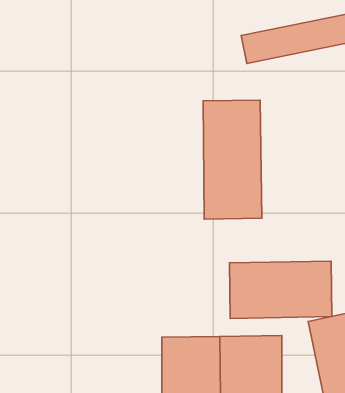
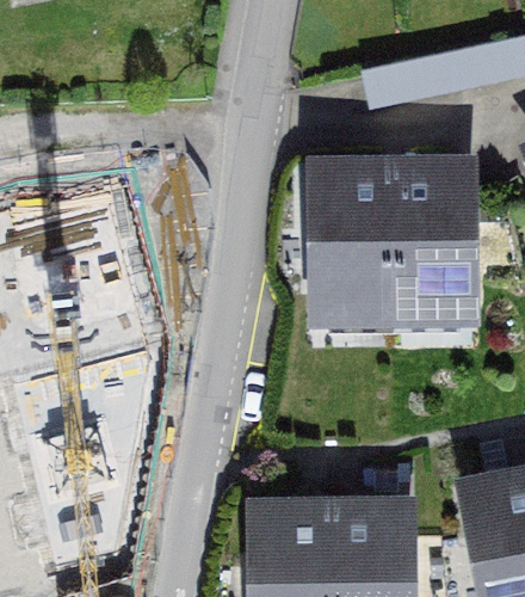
building: none -> [385,159,477,331]
building: [229,261,332,319] -> none

